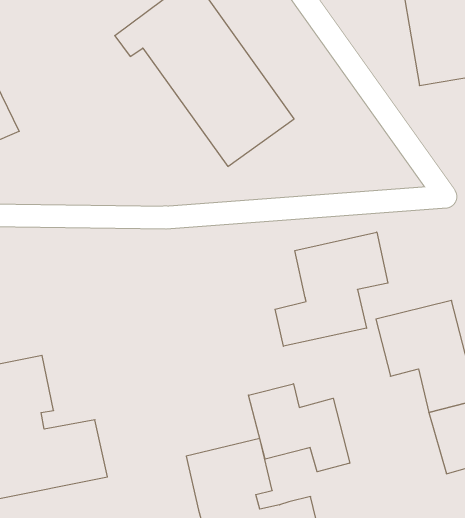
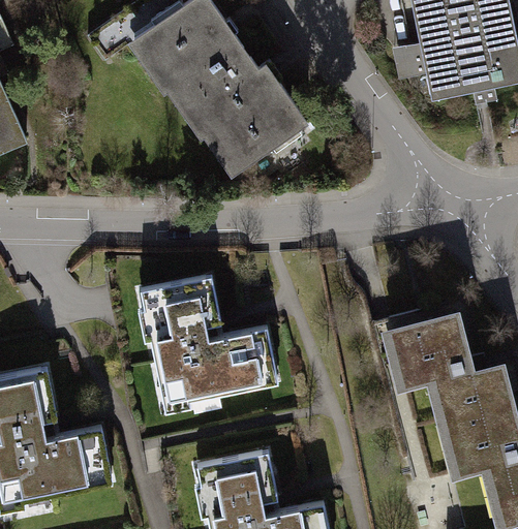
building: [275,232,388,346] -> none
building: none -> [133,270,280,415]
building: [248,384,350,472] -> none

